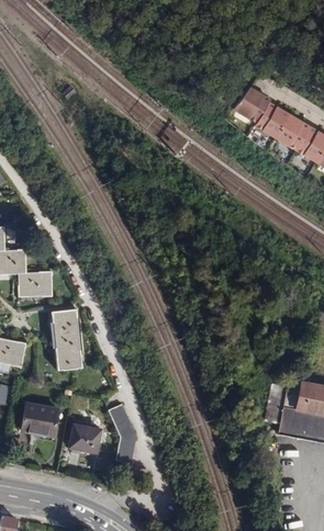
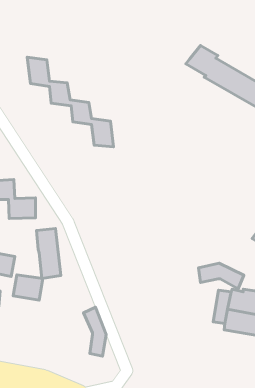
building: none -> [27,57,114,147]
building: none -> [199,263,244,289]
building: [22,404,58,434] -> [13,275,43,300]
building: [69,423,101,452] -> none

